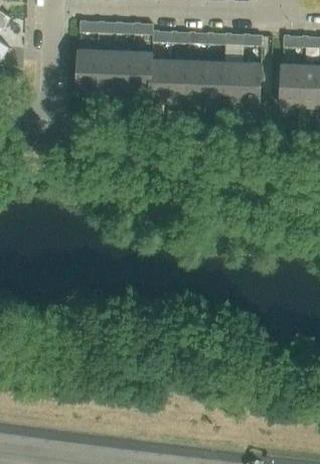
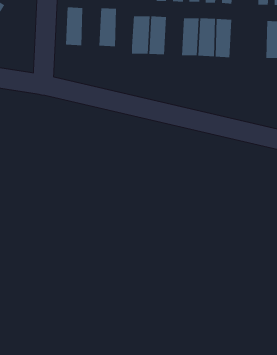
building: [96,49,116,92] -> none
building: [133,50,153,93] -> none
building: [187,60,207,103] -> none
building: [280,63,300,106] -> none

